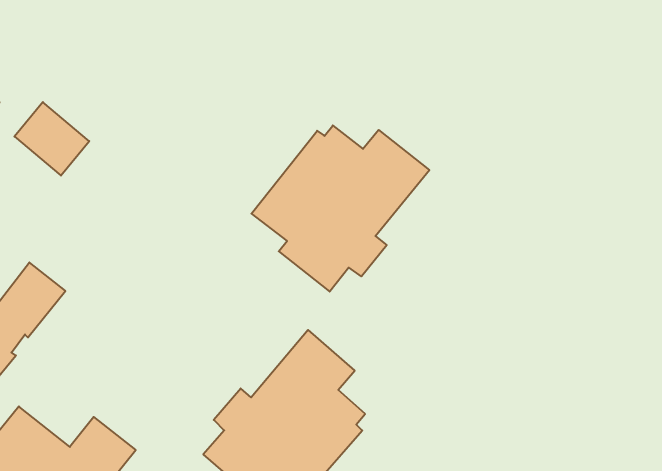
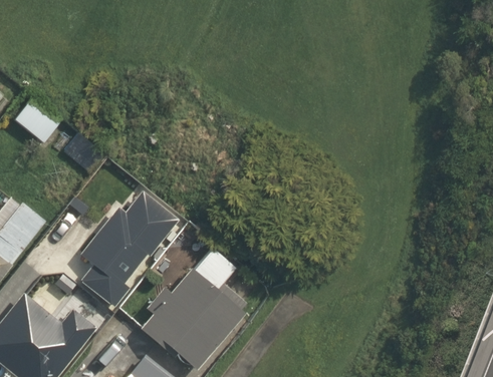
building: [251,125,429,292] -> none
building: none -> [79,193,178,309]

